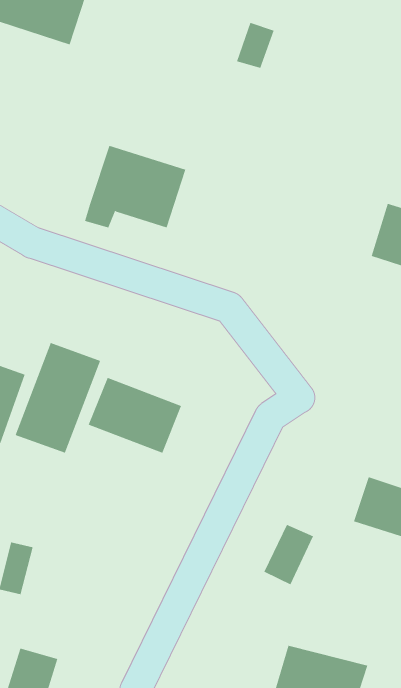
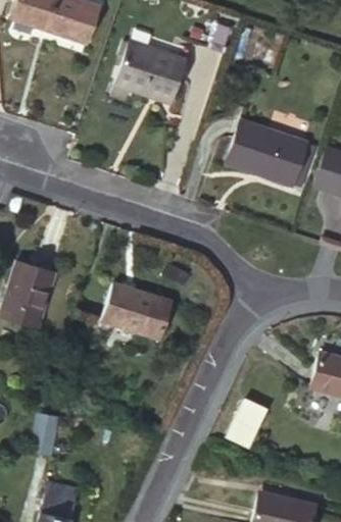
building: [84,145,186,228] -> [112,37,189,99]
building: none -> [229,125,307,189]
building: [15,342,101,454] -> none

